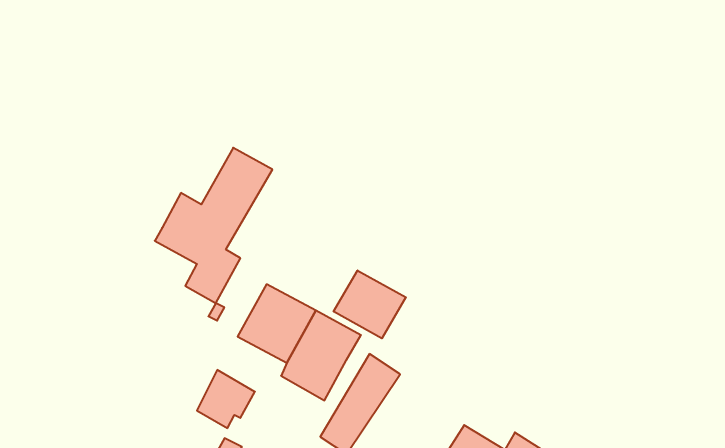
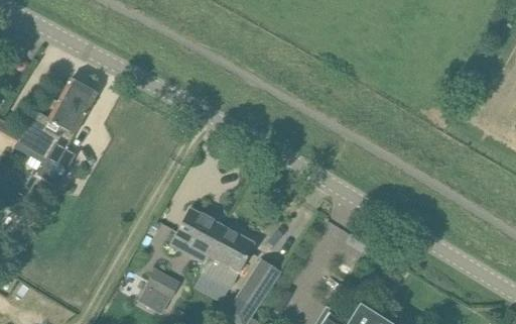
building: [155,148,272,303] -> [17,77,99,185]
building: [334,270,406,338] -> none

